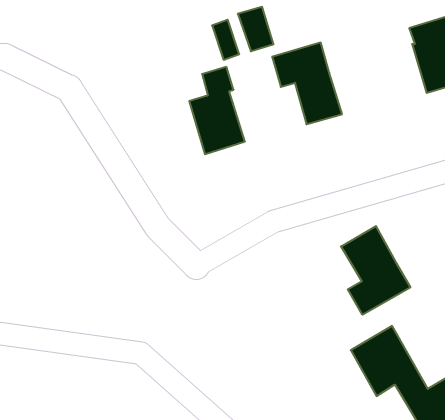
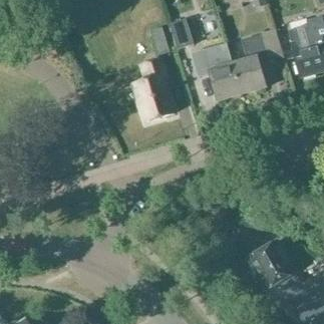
building: none -> [233,34,268,93]
building: [341,226,410,315] -> none

